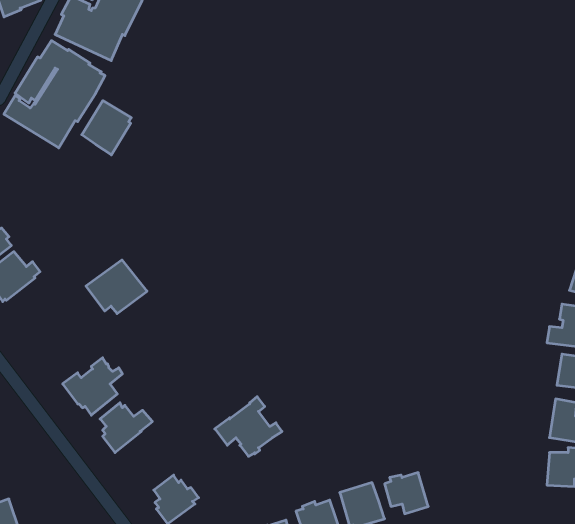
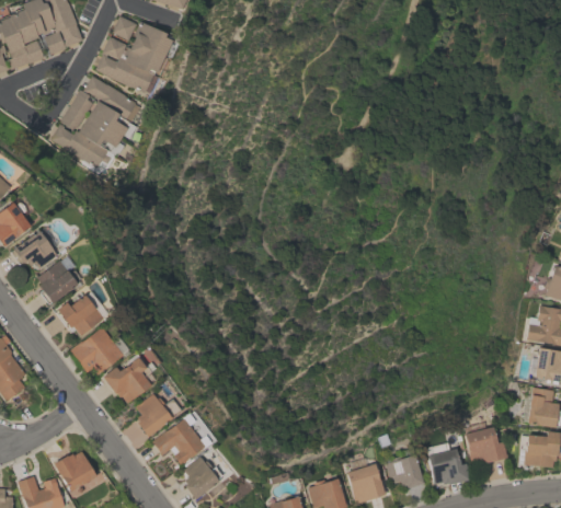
building: [82,101,131,155] -> none
building: [86,260,147,314] -> [70,327,124,374]
building: none -> [56,295,104,336]
building: [215,397,282,456] -> [151,413,210,465]
building: none -> [463,427,507,466]
building: none -> [427,449,469,484]
building: none -> [53,451,96,492]

